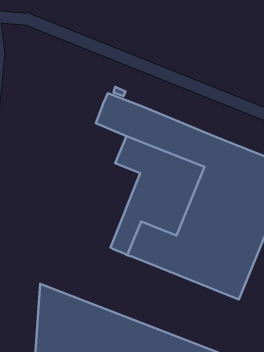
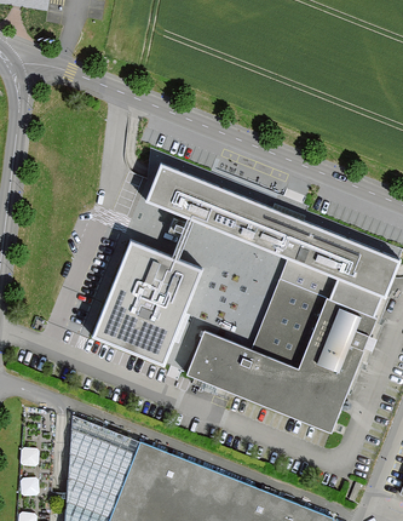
building: none -> [90,240,202,367]

